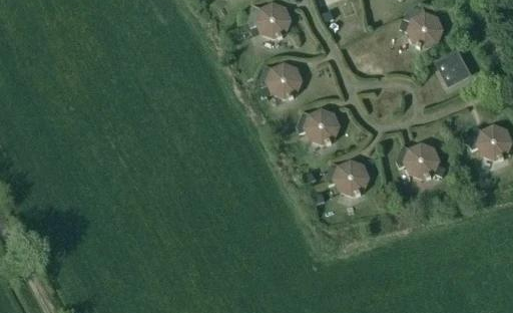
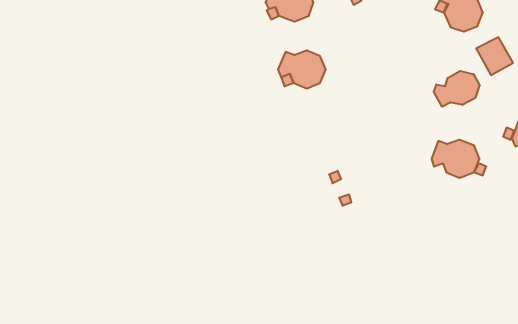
building: none -> [434,71,480,107]
building: [297,108,340,143] -> none
building: [326,161,369,195] -> none

